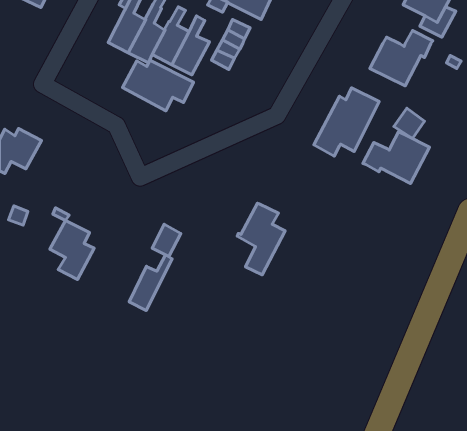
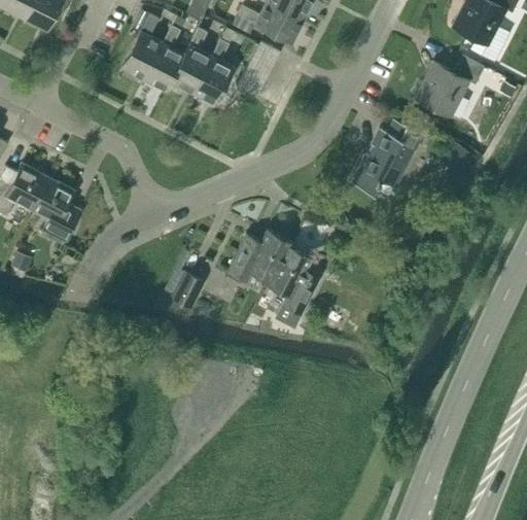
building: [122,60,194,111] -> none
building: [363,132,429,183] -> none
building: none -> [226,231,292,283]
building: [50,221,94,280] -> [30,178,79,244]
building: [129,255,172,311] -> none

